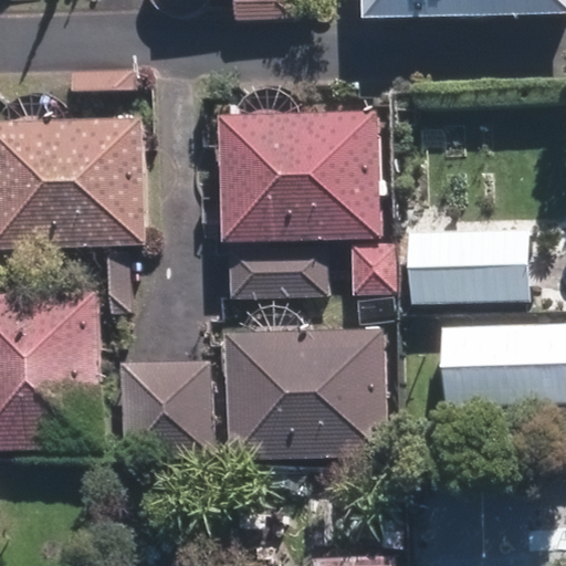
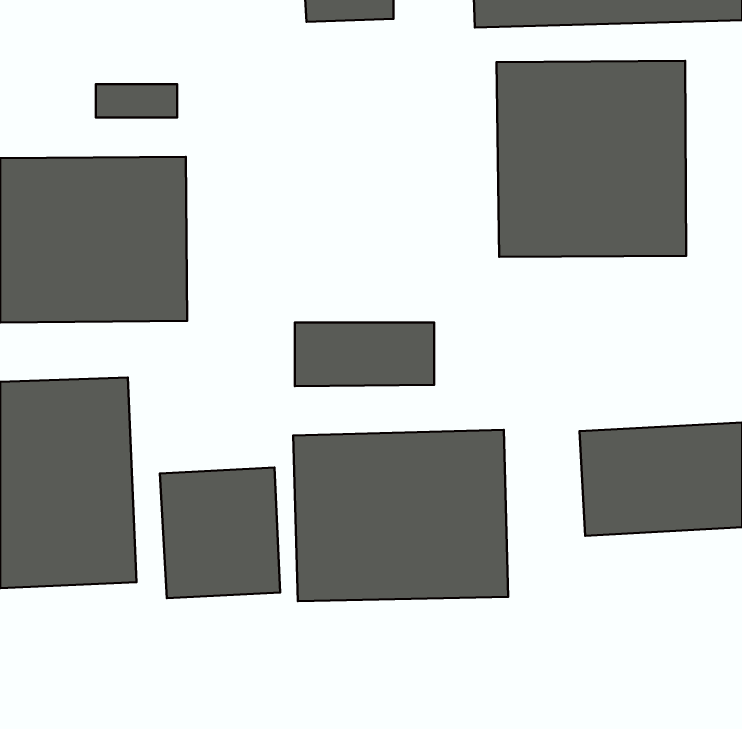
building: none -> [497,61,686,257]
building: [217,114,376,237] -> none
building: [408,226,531,304] -> none

